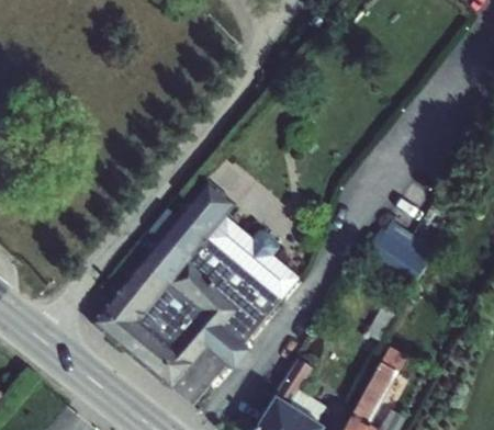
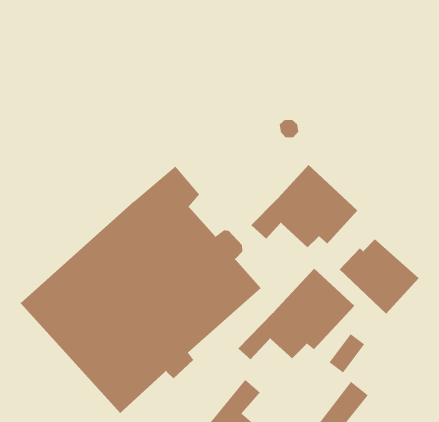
building: none -> [251,164,358,248]
building: none -> [238,268,355,360]

